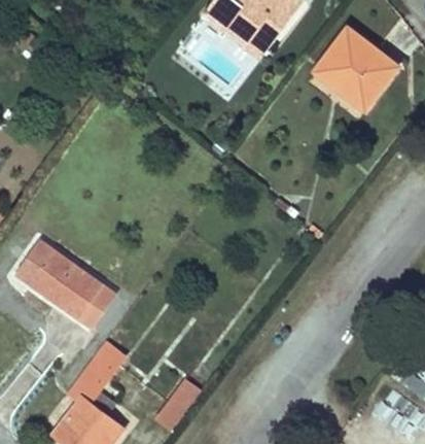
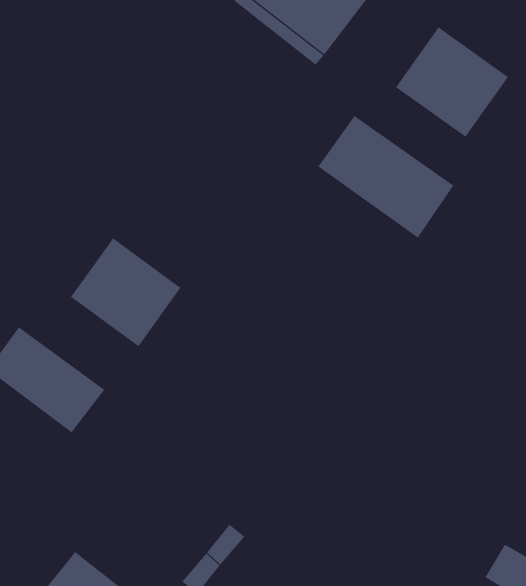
building: none -> [317,115,454,239]
building: none -> [70,237,181,347]
building: [82,351,123,396] -> none

